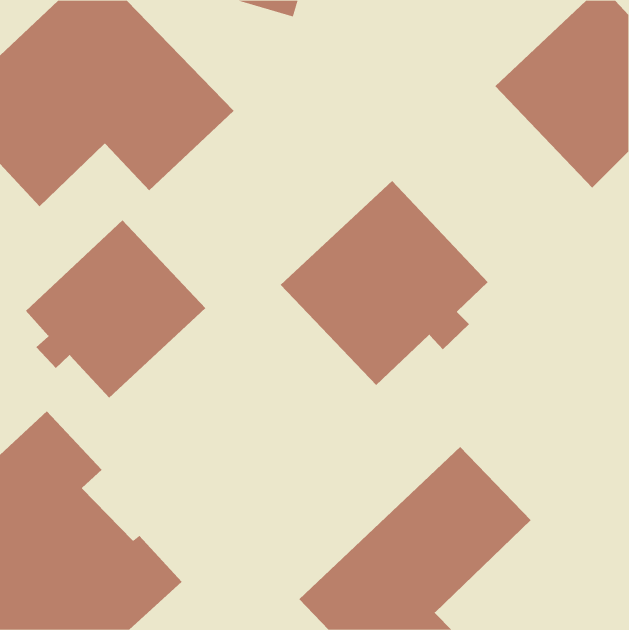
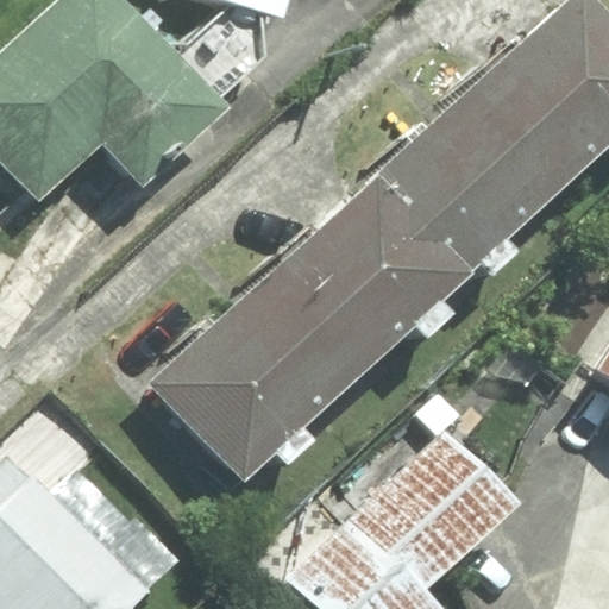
building: none -> [378,83,571,277]
building: [25,220,206,399] -> none
building: none -> [153,275,363,479]

